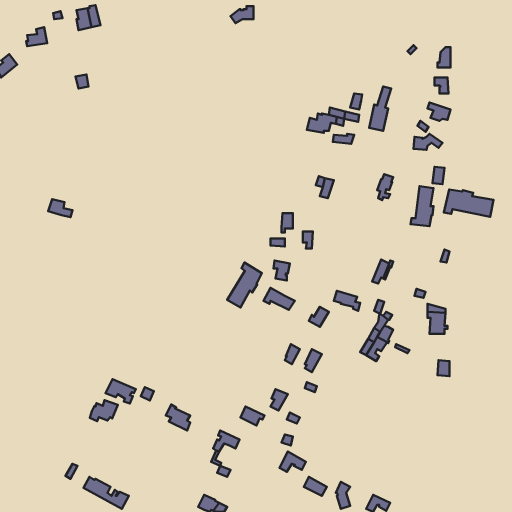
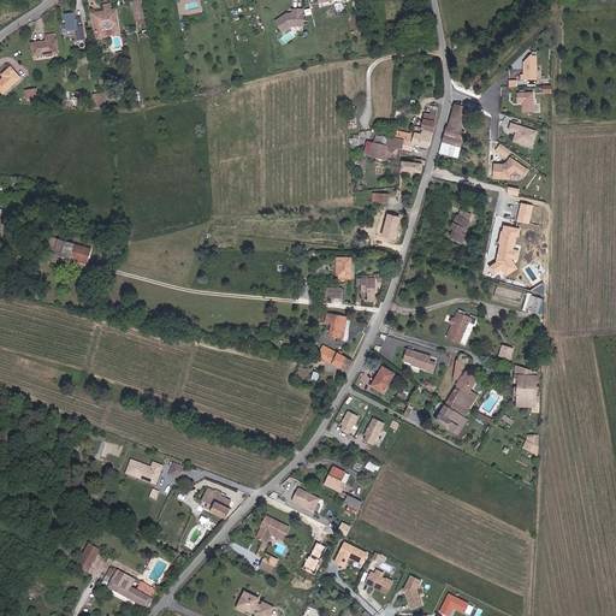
building: [444,190,493,217] -> none
building: [227,262,262,308] -> none
building: [90,400,118,421] -> none

